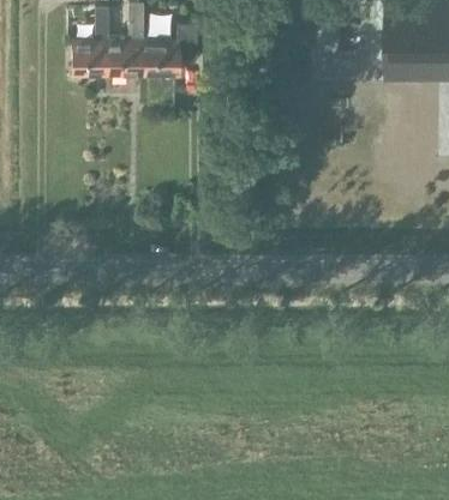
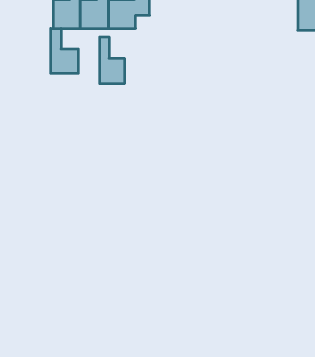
building: none -> [51,28,78,73]
building: none -> [100,37,124,84]

